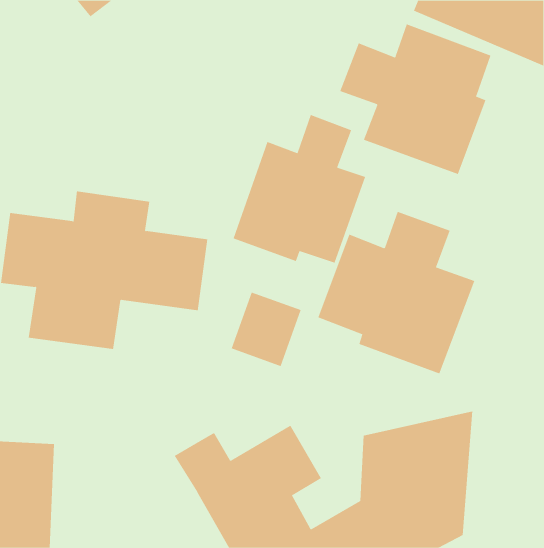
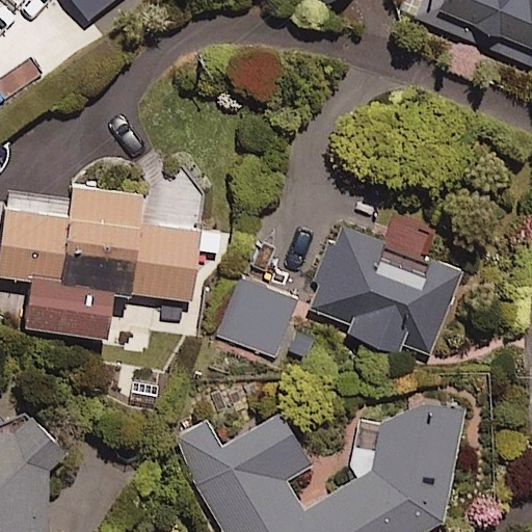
building: [340,24,491,175] -> none
building: [233,114,366,264] -> none

